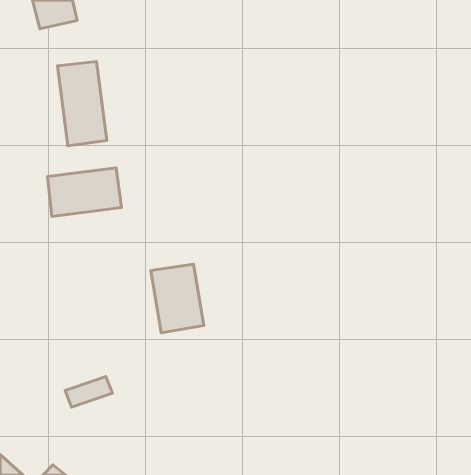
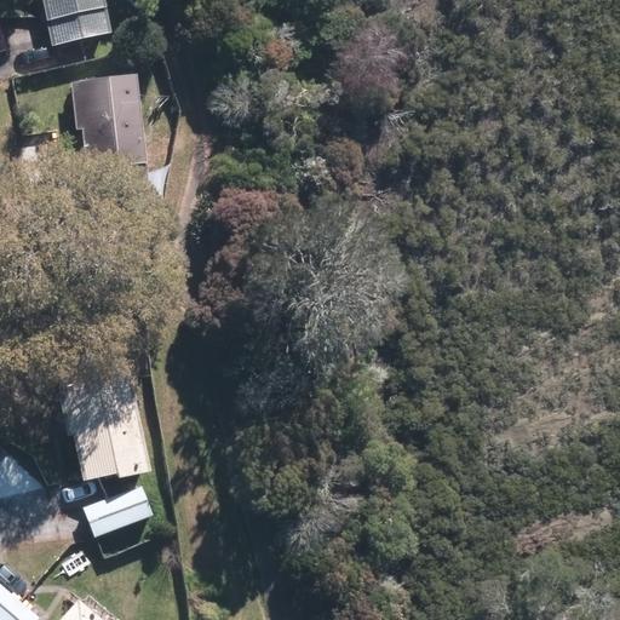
building: [47,168,121,216] -> none
building: [151,264,204,333] -> [71,380,140,470]

